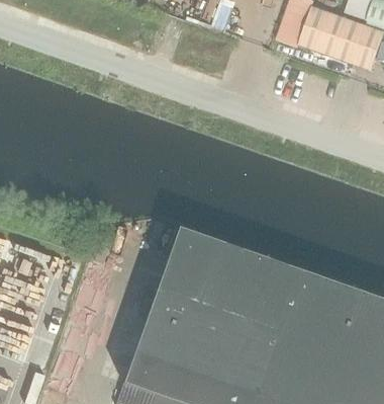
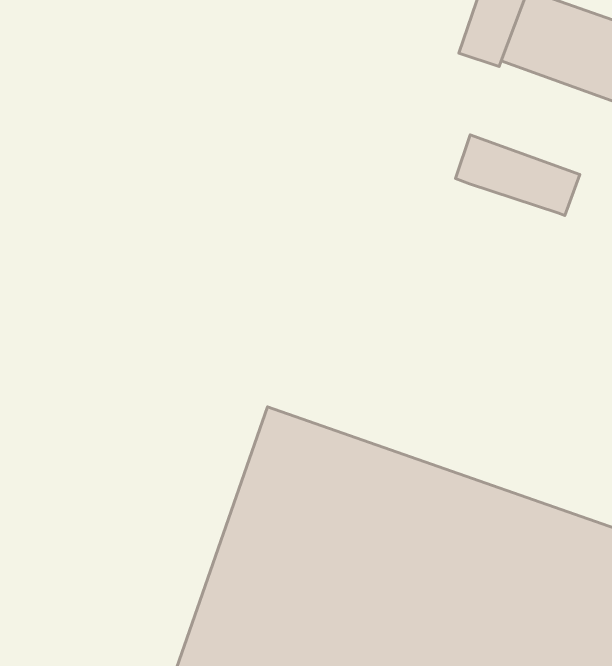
building: none -> [456,135,580,215]

